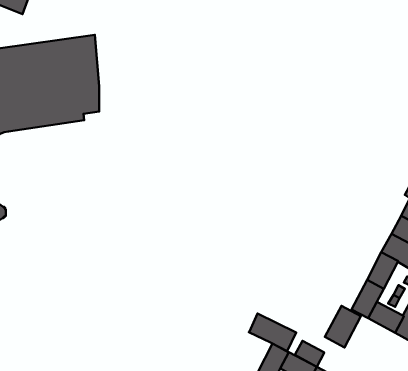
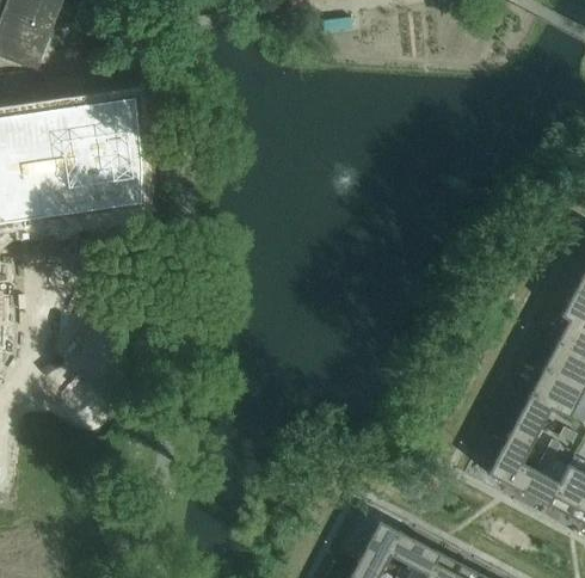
building: [325,306,361,347] -> none
building: [249,313,296,351] -> none
building: [295,341,324,367] -> none

